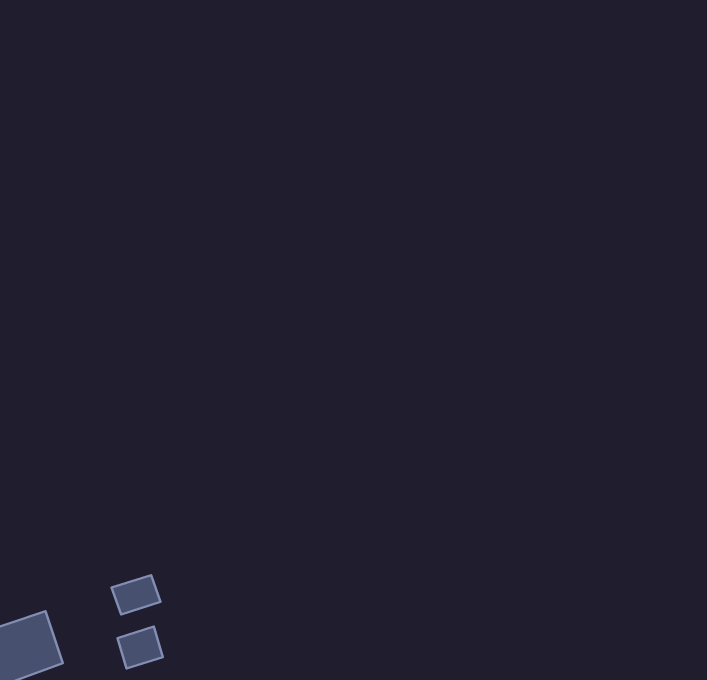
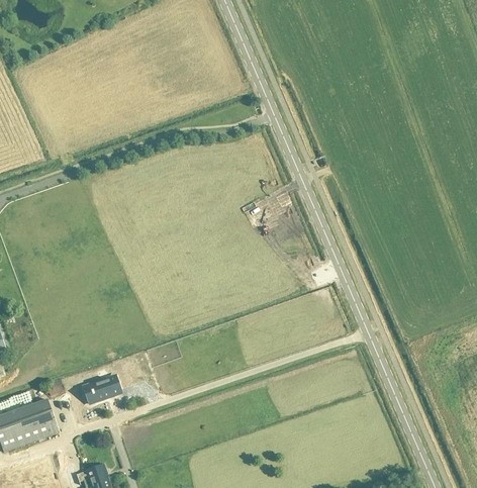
building: [118,626,163,669] -> none

